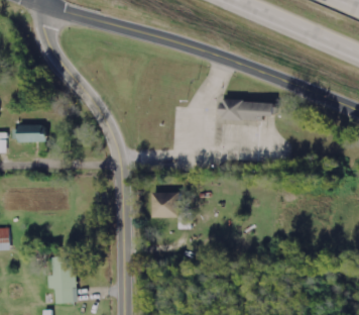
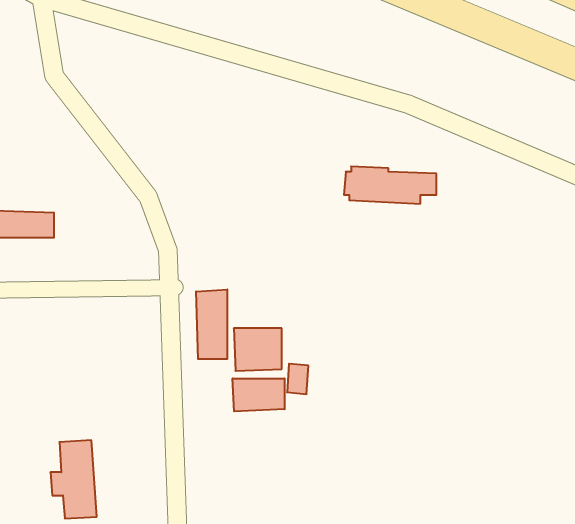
building: none -> [196,289,227,359]
building: none -> [233,378,285,411]

